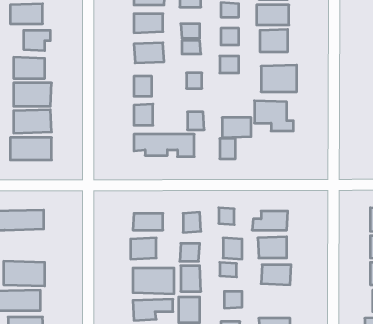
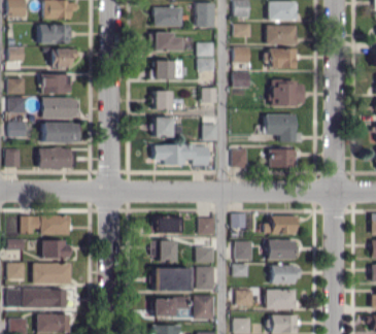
building: [222,118,251,138] -> [269,148,296,167]
building: none -> [42,239,68,258]
building: none -> [266,289,296,308]

